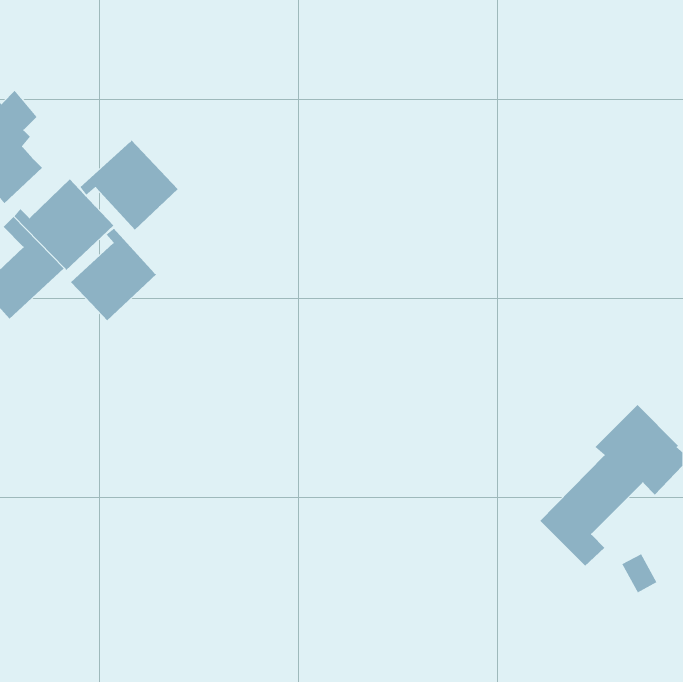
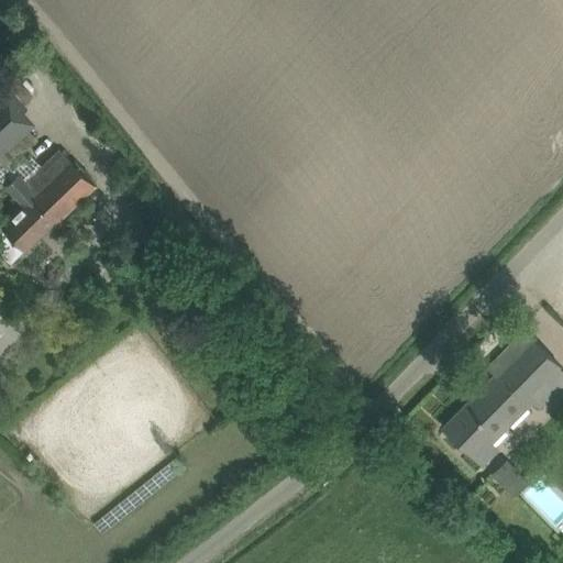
building: [80,139,178,230] -> none
building: [70,228,157,321] -> none

